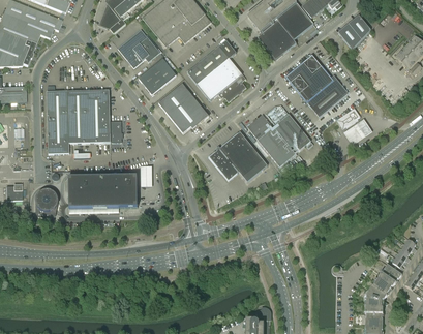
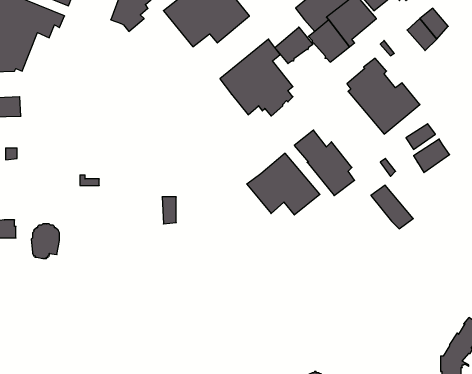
building: [117,28,159,67] -> none
building: none -> [275,27,313,64]
building: [138,58,176,94] -> none
building: [157,83,208,132] -> none
building: [46,89,121,153] -> none
building: [276,114,310,149] -> [371,185,413,229]
building: [67,175,137,208] -> none

